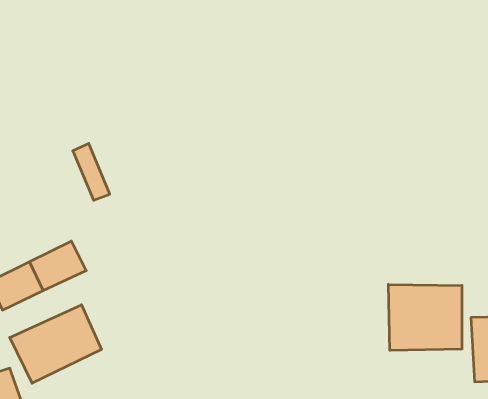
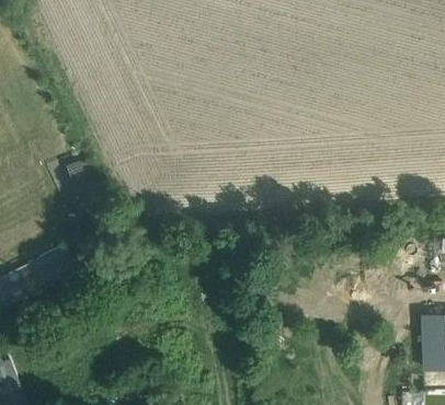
building: [388,284,462,350] -> none
building: [10,305,101,383] -> none

